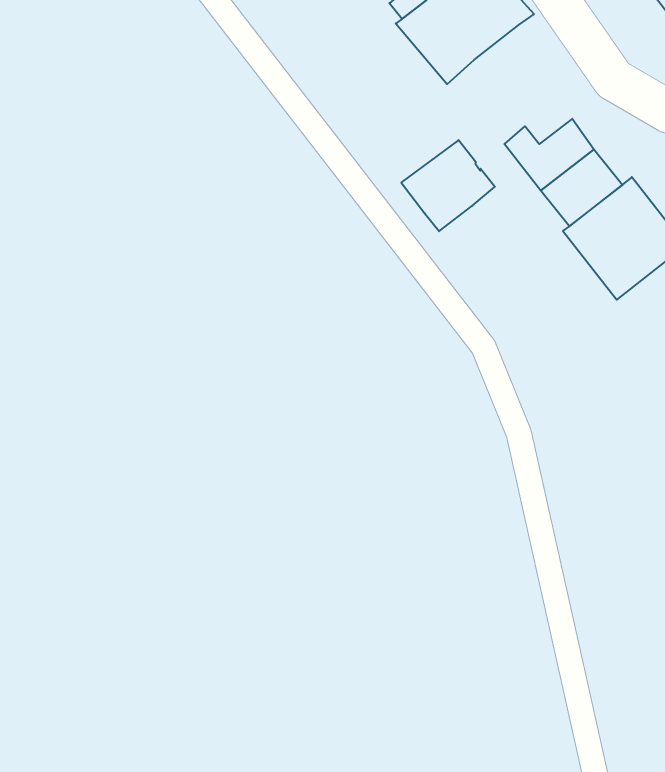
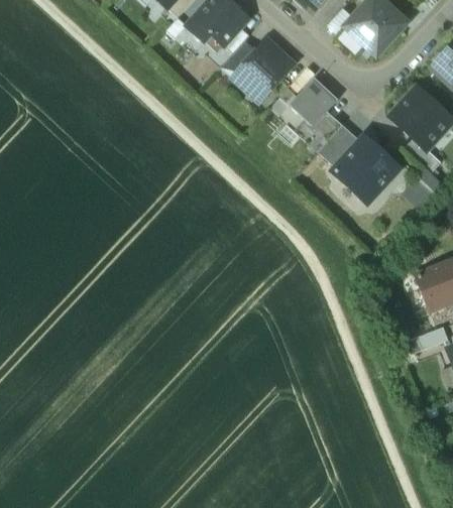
building: [401,140,495,231] -> [289,77,338,126]

